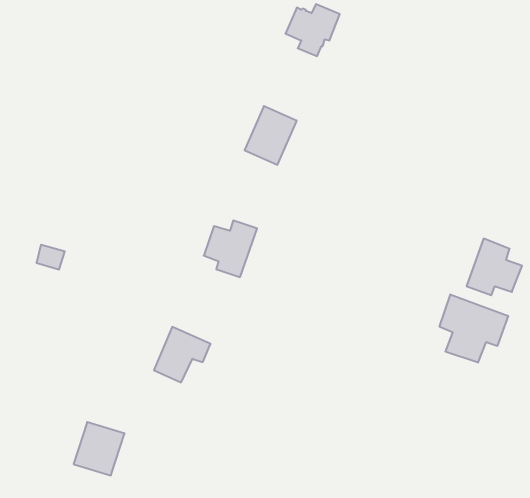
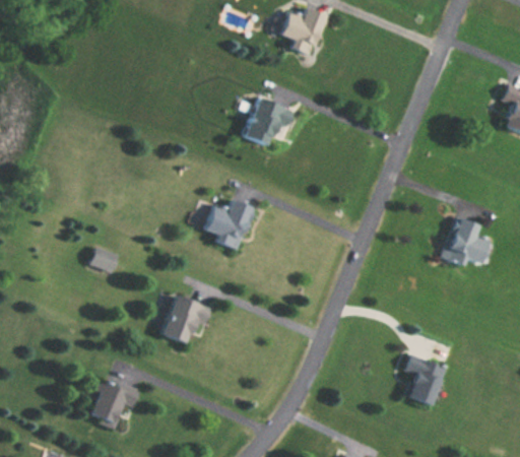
building: [36,245,65,270] -> [91,249,117,271]
building: [440,294,508,363] -> none
building: none -> [403,353,446,405]

